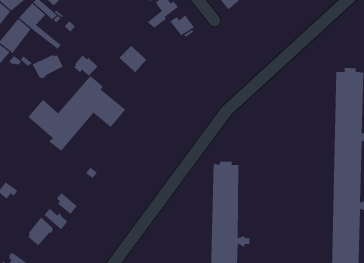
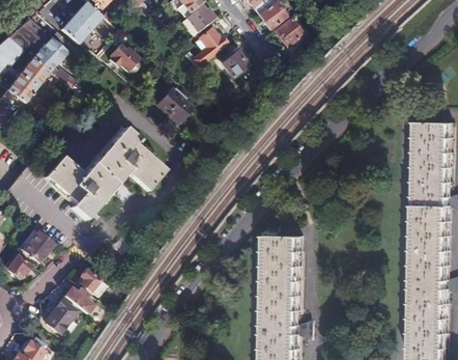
building: [32,54,63,79] -> none
building: [74,54,98,77] -> [106,44,136,71]
building: none -> [22,230,54,264]

